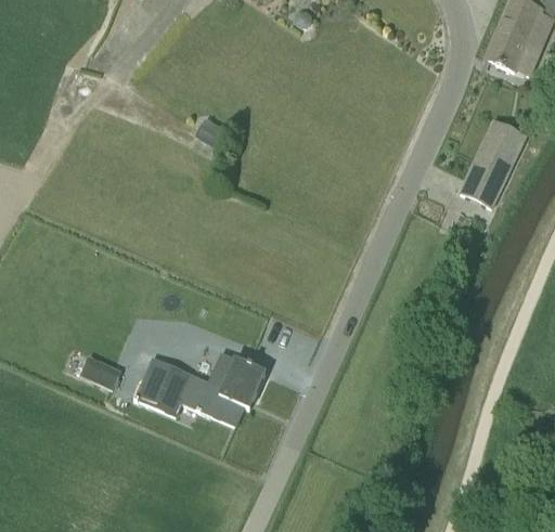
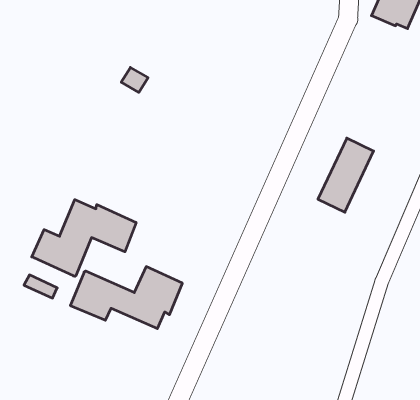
building: [461,119,526,206] -> [318,138,374,212]
building: none -> [32,200,136,276]

